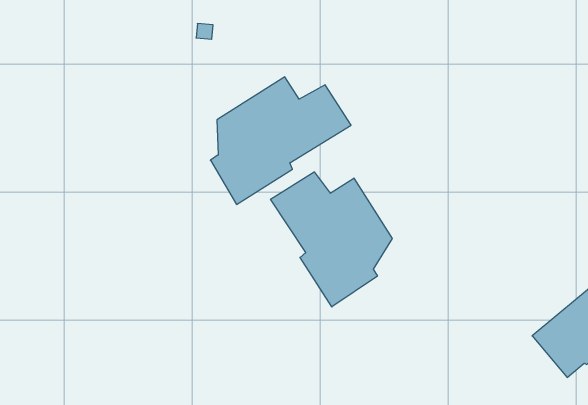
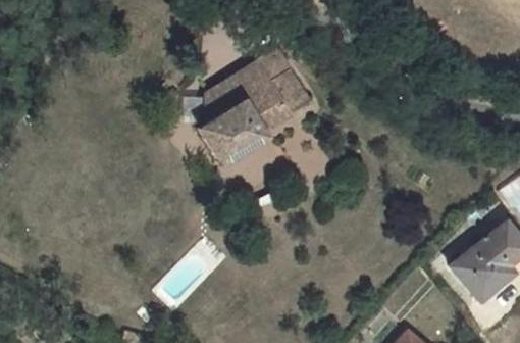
building: [271,172,392,307] -> none

